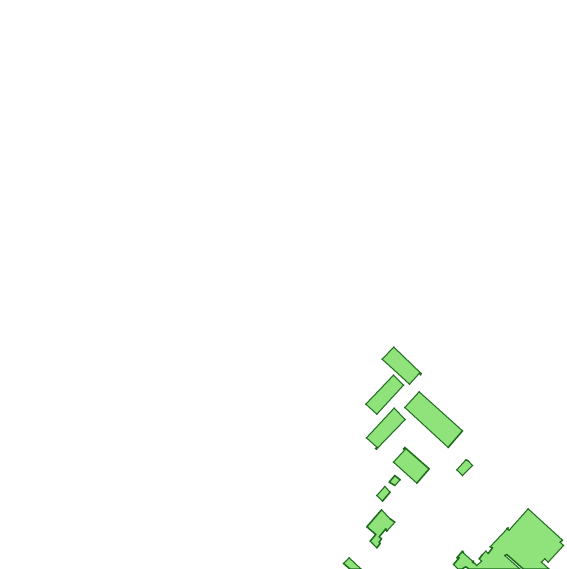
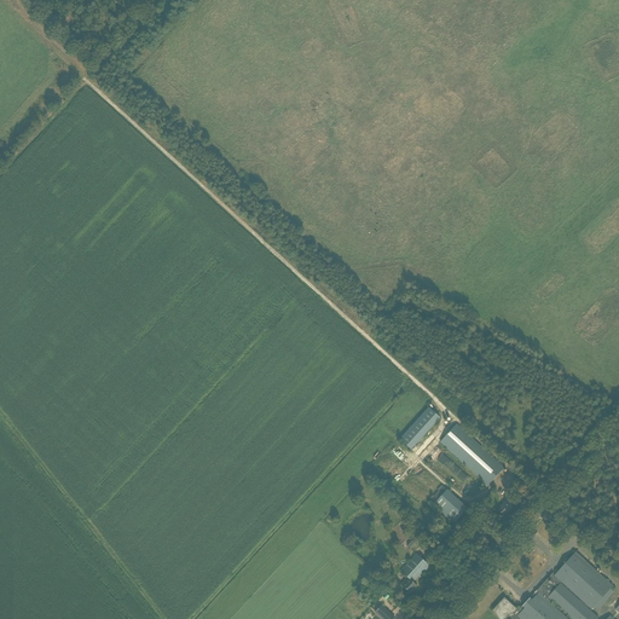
building: [382,347,421,384] -> none
building: [366,408,405,449] -> none

